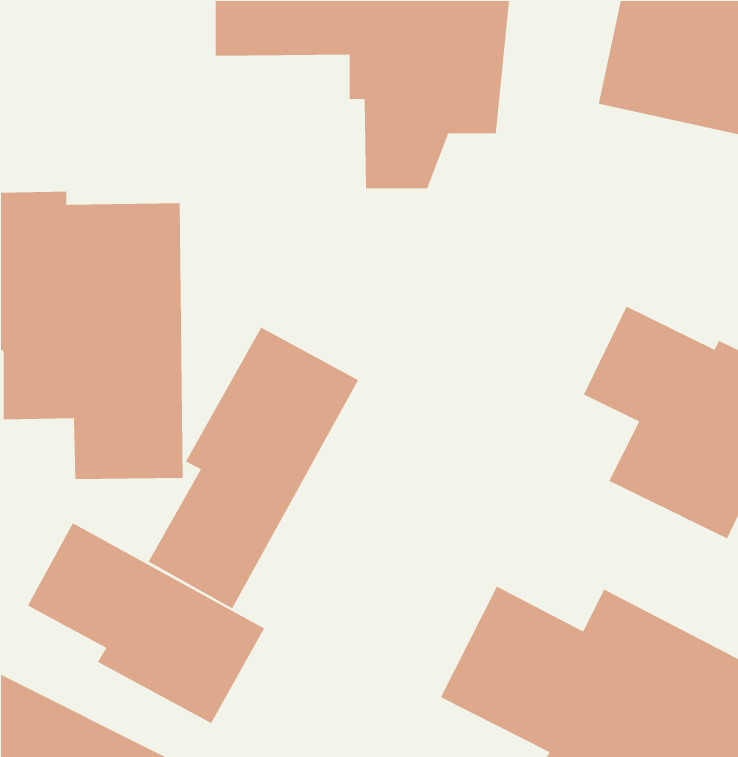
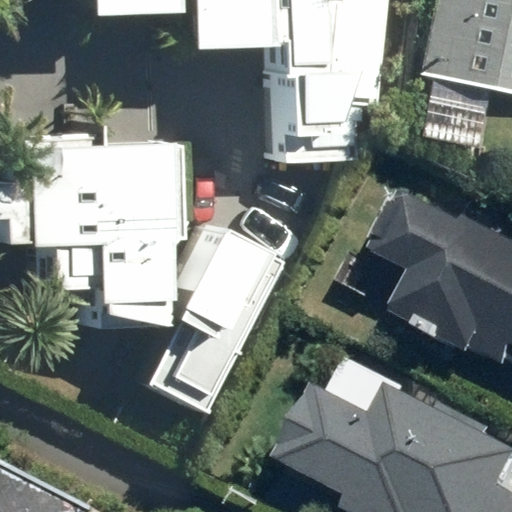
building: [27,522,265,724] -> none

